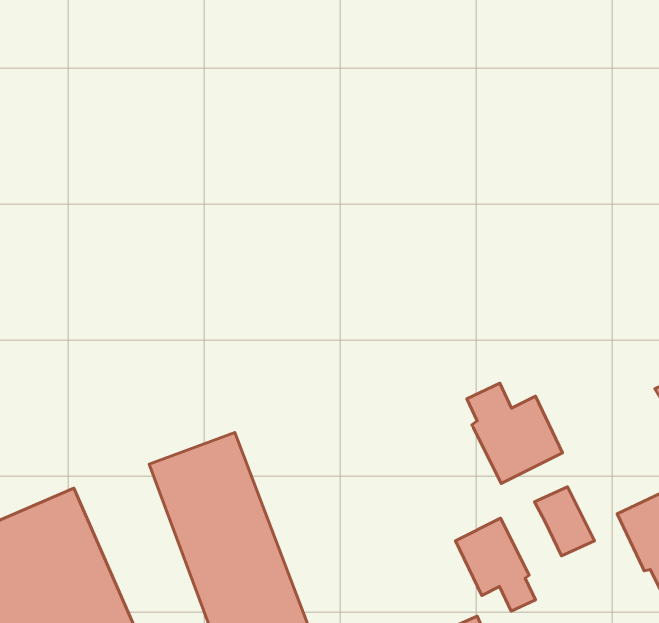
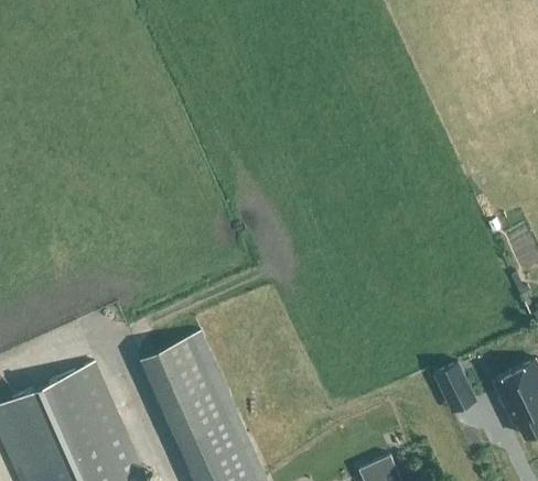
building: [467,383,562,483] -> none
building: [455,518,536,611] -> none

